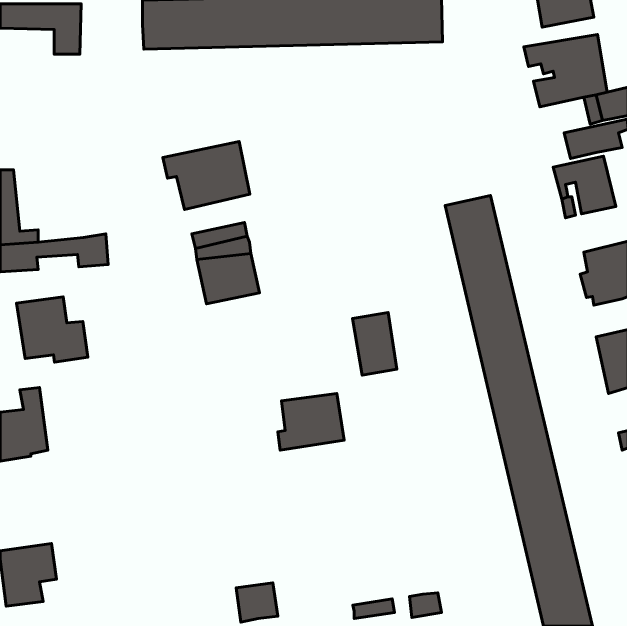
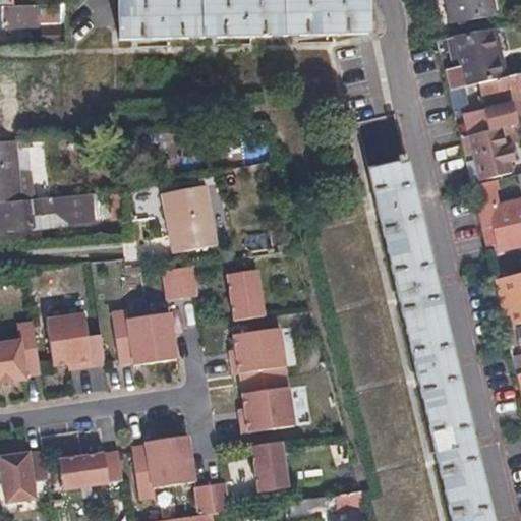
building: [163,142,250,209] -> none
building: [17,297,88,362] -> [47,312,106,366]
building: [352,312,397,375] -> [227,267,264,319]
building: none -> [164,263,198,298]
building: none -> [112,307,177,363]
building: none -> [242,387,296,432]
building: none -> [132,435,195,499]
building: none -> [254,441,291,491]
building: none -> [59,450,123,488]

